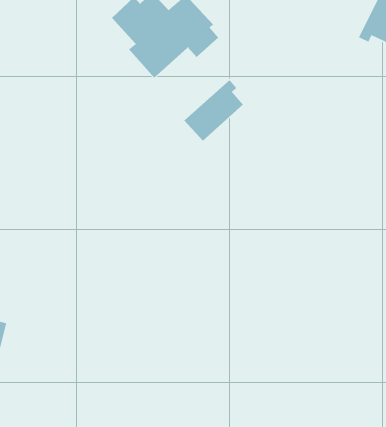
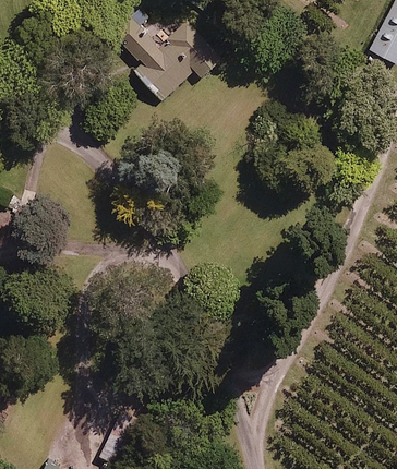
building: [184,79,244,142] -> none

